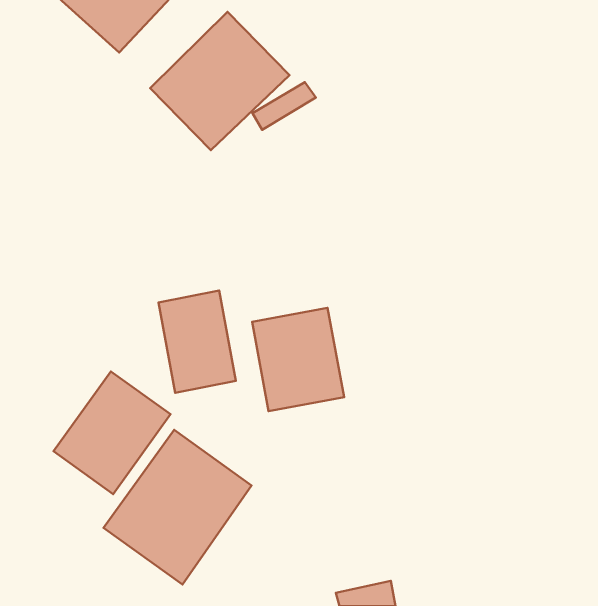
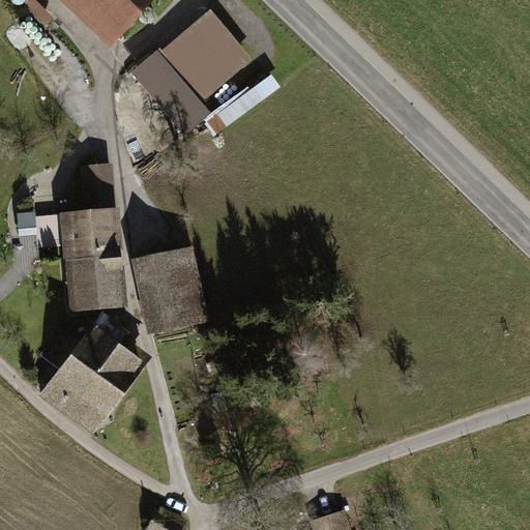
building: none -> [58,157,127,312]
building: [252,308,344,411] -> none
building: [104,430,252,585] -> none

